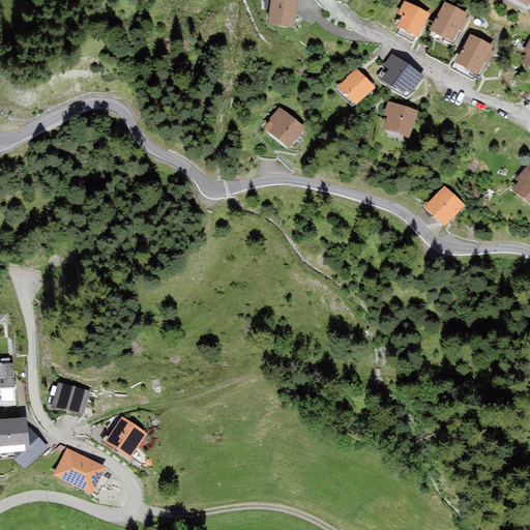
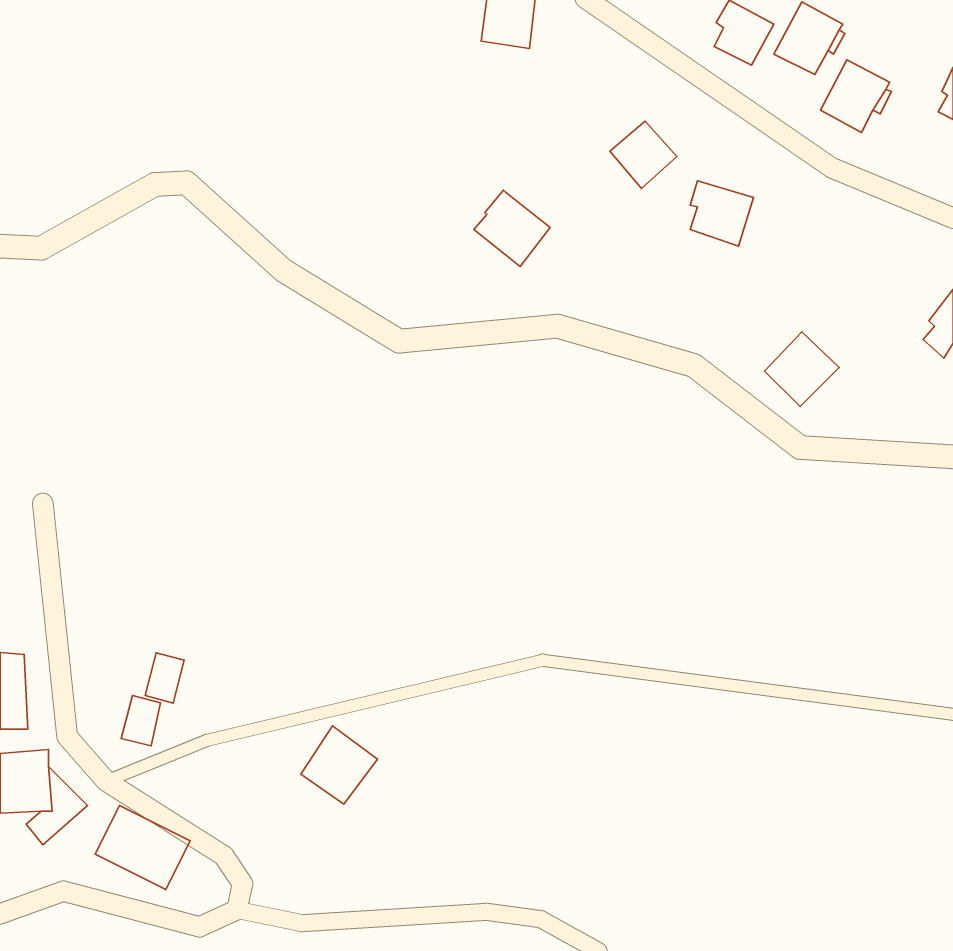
building: [382,53,424,94] -> none
building: [52,382,73,410] -> [145,653,184,703]
building: [105,415,147,459] -> [301,726,377,804]

